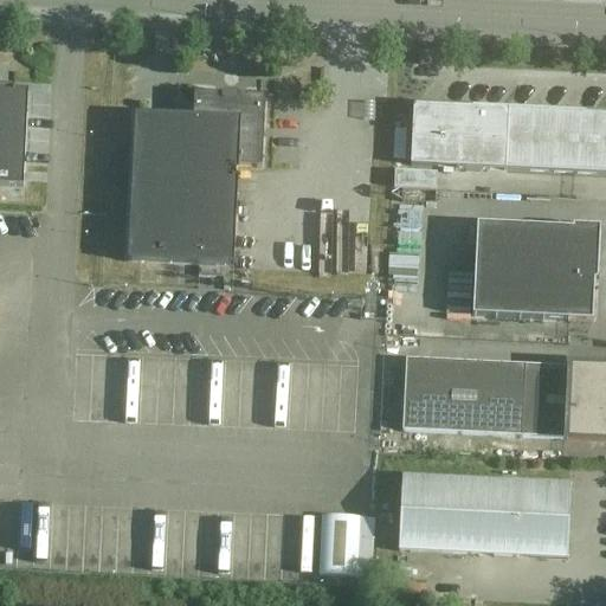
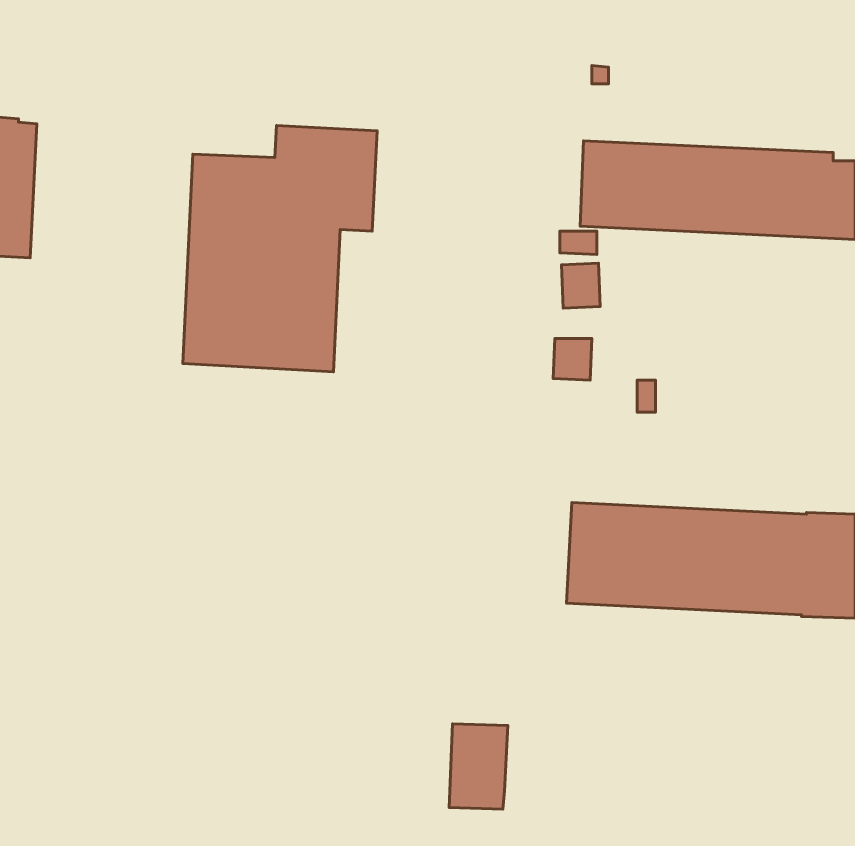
building: [470,218,594,317] -> none
building: [397,472,569,554] -> none

